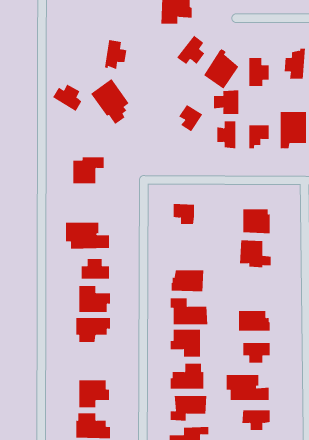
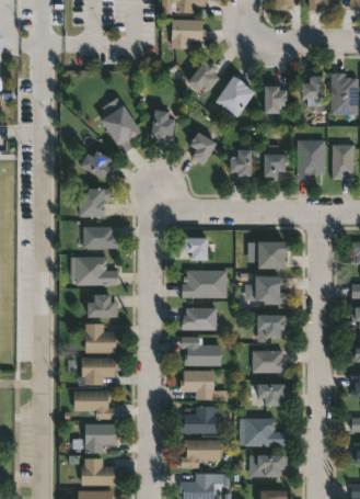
building: [104,40,127,70] -> [150,109,174,140]
building: [52,84,82,112] -> [80,150,112,180]
building: [214,89,239,115] -> none
building: none -> [83,226,118,247]
building: none -> [182,270,227,297]
building: none -> [257,315,287,337]
building: none -> [73,390,113,419]

